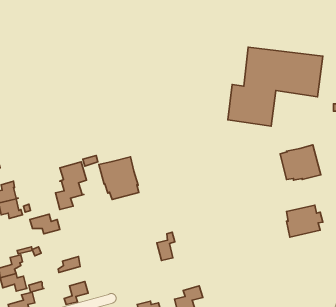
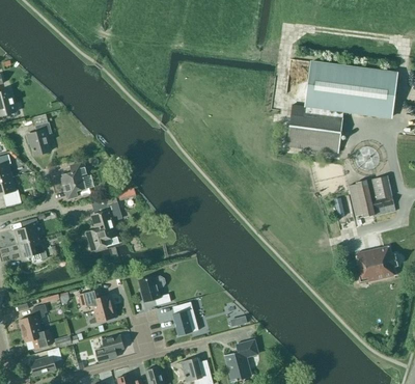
building: none -> [26,121,52,155]
building: none -> [61,161,89,197]
building: [99,157,139,199] -> none
building: [30,214,60,234] -> [77,287,112,310]
building: none -> [138,275,170,305]
building: [157,232,175,261] -> [172,301,193,334]

